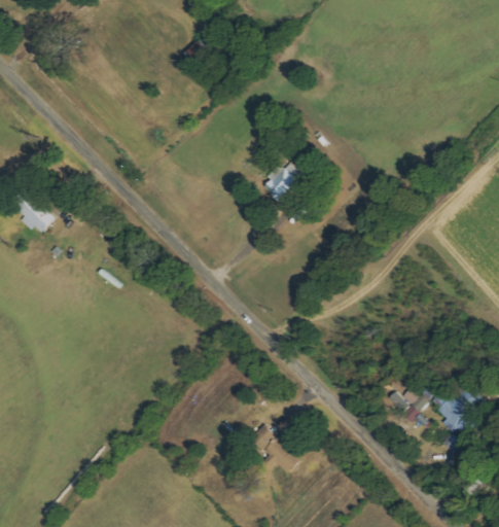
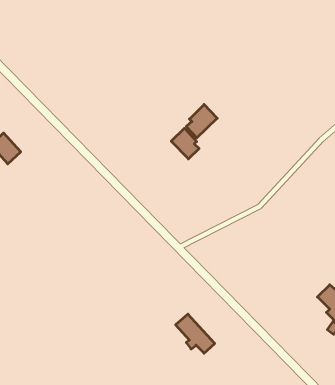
building: none -> [171,128,199,159]
building: [400,387,425,423] -> none

